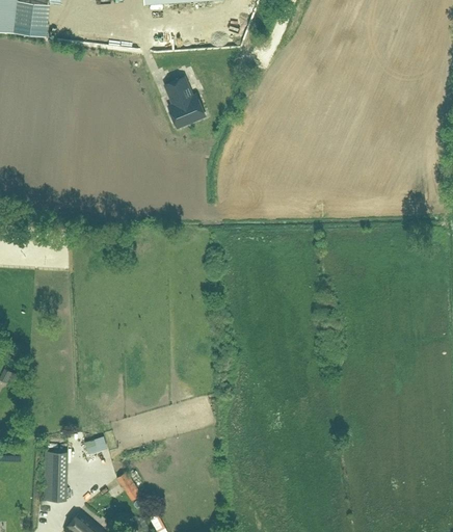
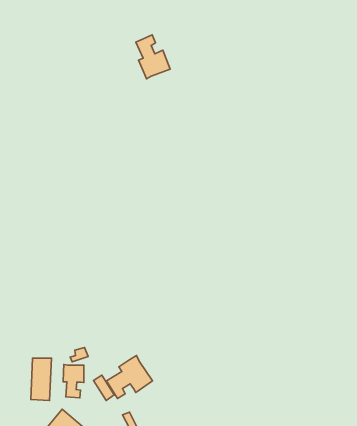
building: none -> [107,356,152,399]
building: none -> [63,364,84,398]

